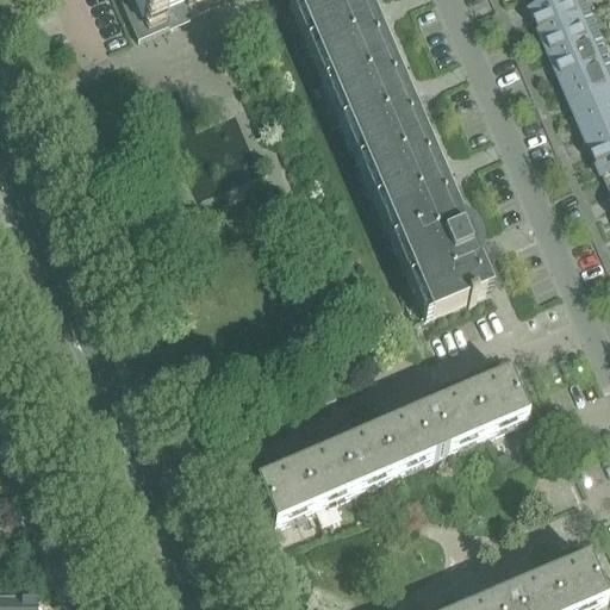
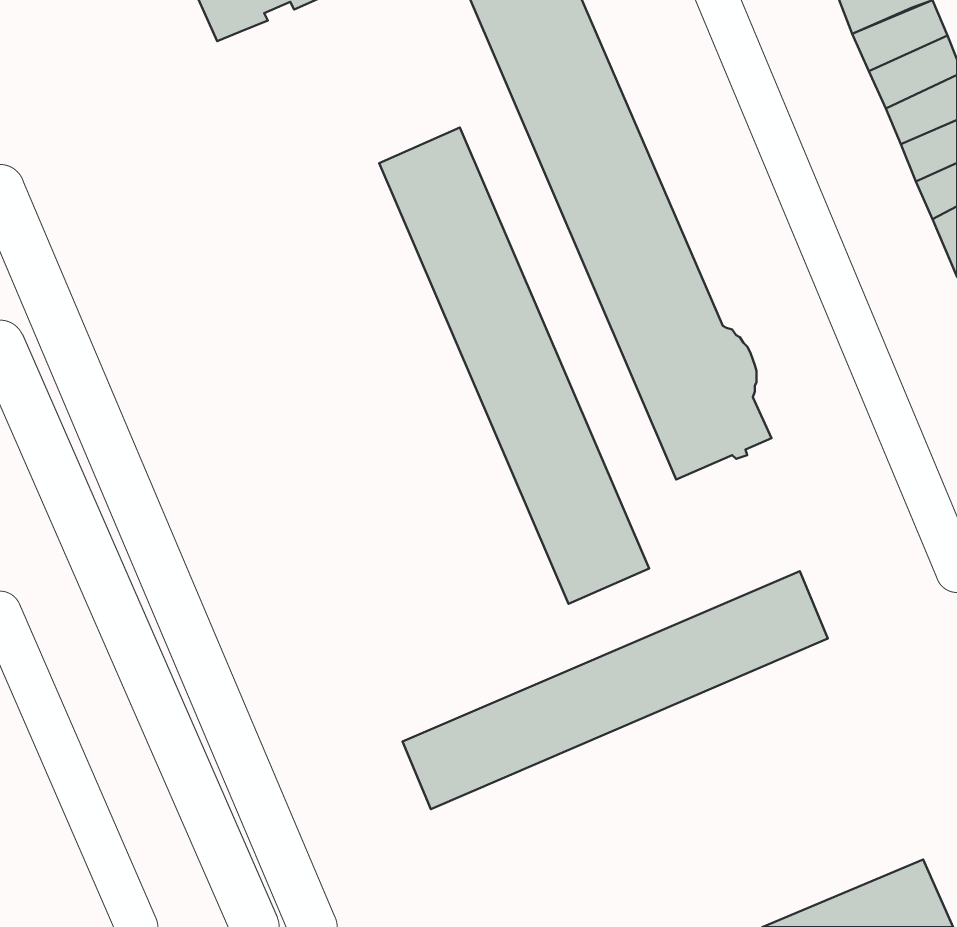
building: none -> [379,128,649,604]

